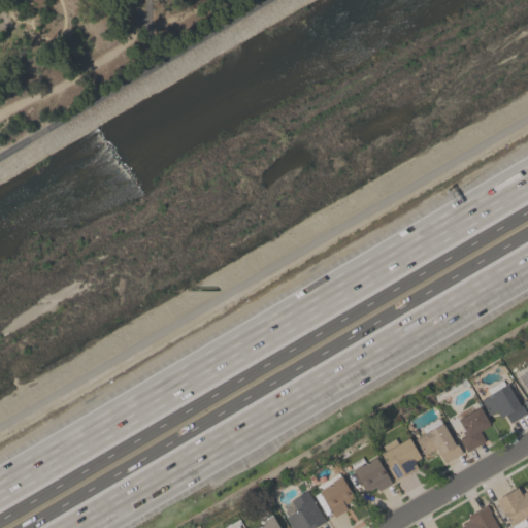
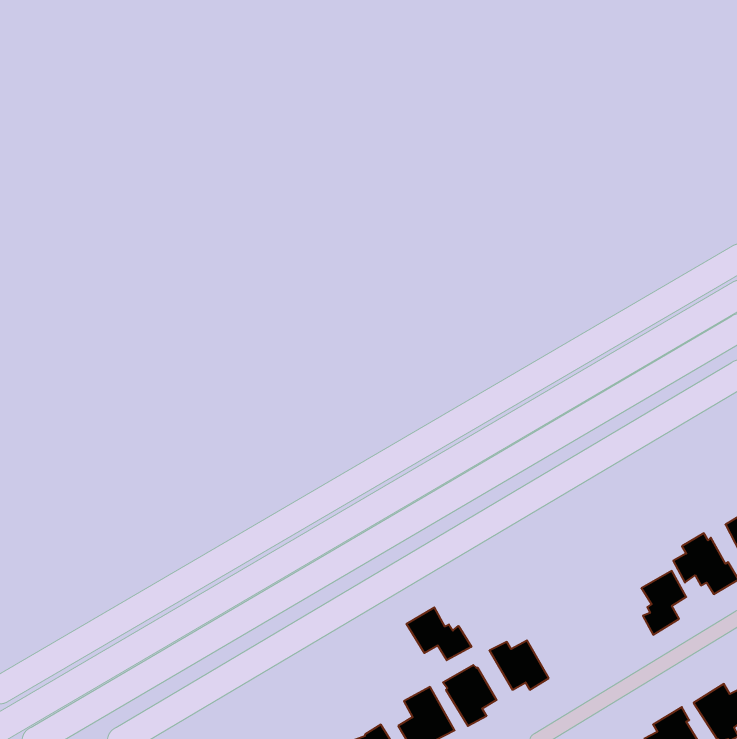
building: [416,424,463,463] -> none
building: none -> [407,607,471,660]
building: [381,438,421,482] -> none

